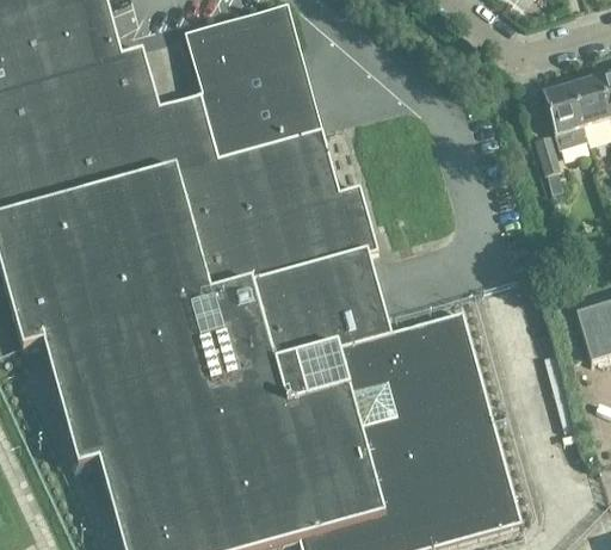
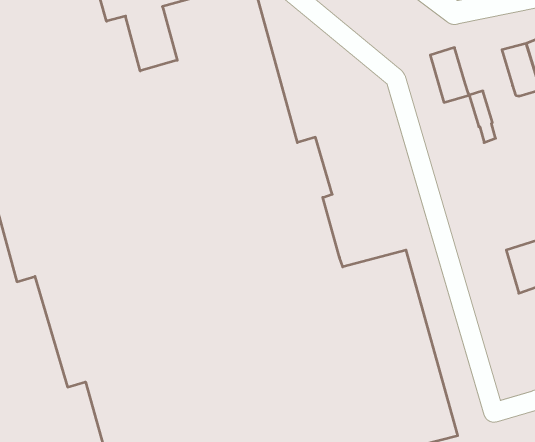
building: [543,84,587,146] -> [430,48,469,102]

